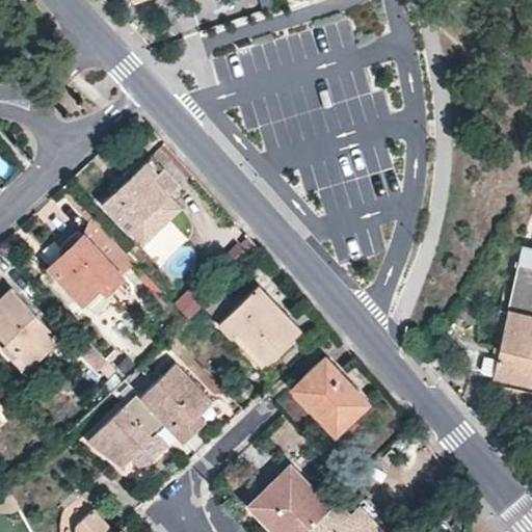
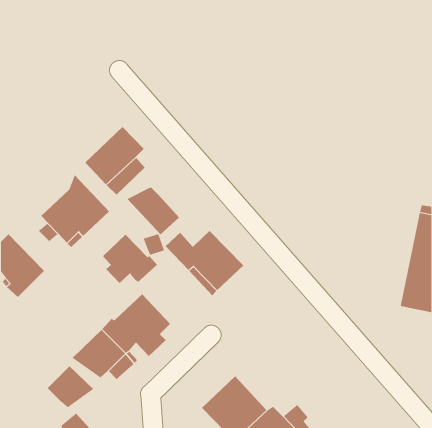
building: none -> [127,186,180,235]
building: none -> [102,234,158,284]
building: [292,360,367,435] -> none
building: none -> [47,366,94,408]

